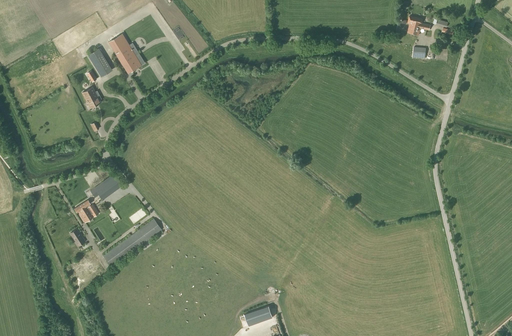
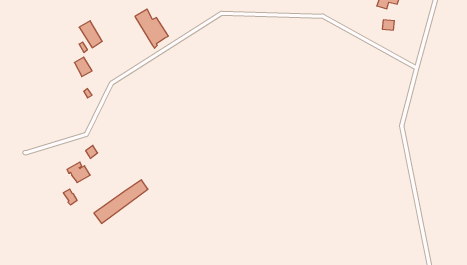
building: [109,34,145,76] -> [135,9,168,48]

